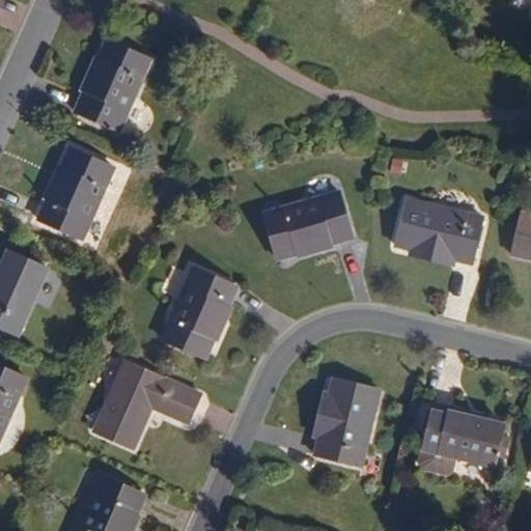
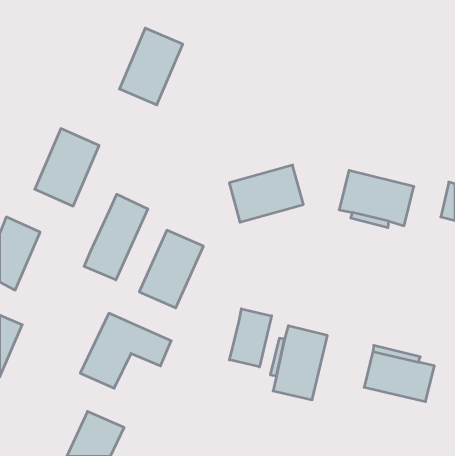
building: [77,41,150,131] -> [119,28,183,105]
building: none -> [84,194,148,280]
building: none -> [229,309,272,367]

